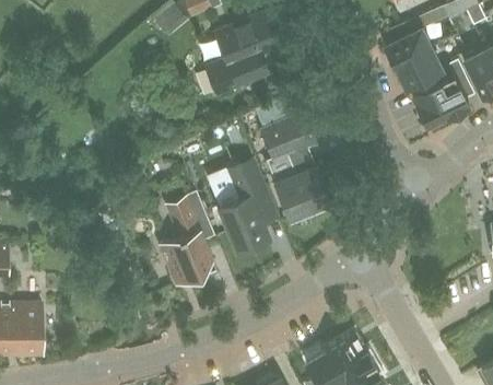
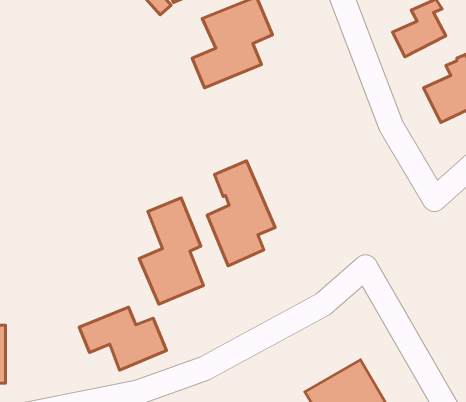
building: [395,48,441,88] -> none
building: [261,110,331,219] -> none
building: none -> [79,307,166,370]

